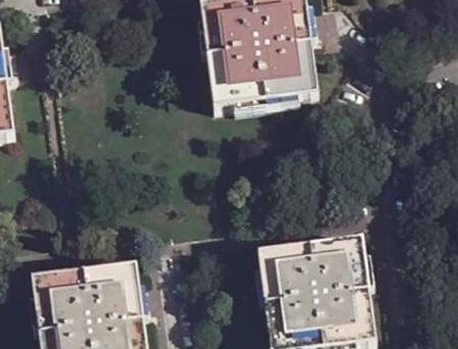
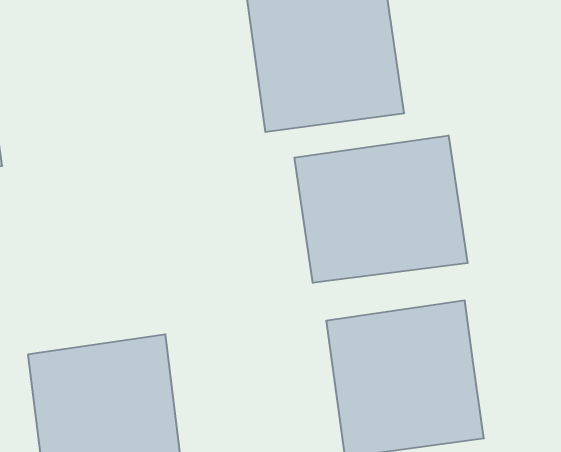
building: none -> [294,135,468,283]

